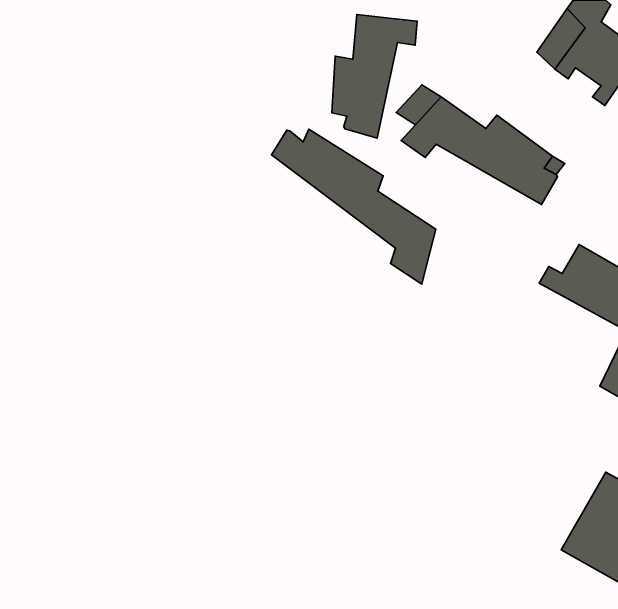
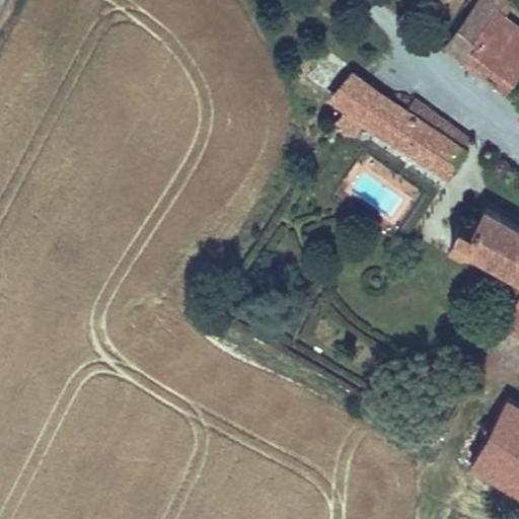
building: [332,15,417,138] -> none
building: [271,129,436,284] -> none

